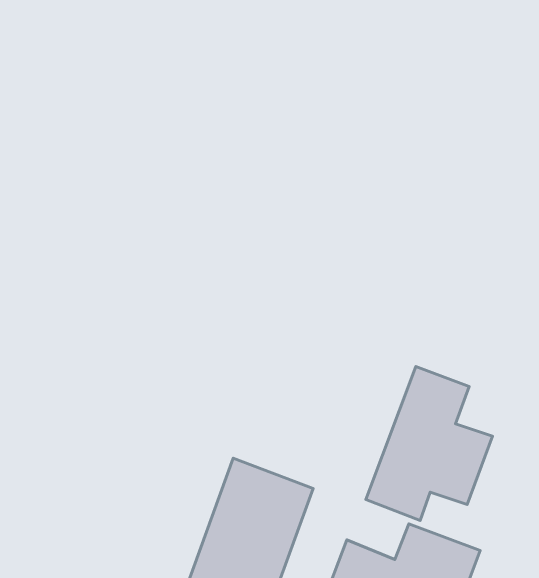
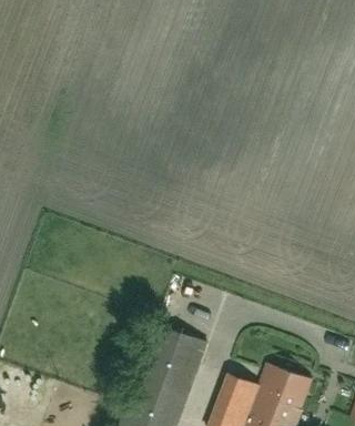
building: [366,366,493,520] -> none

